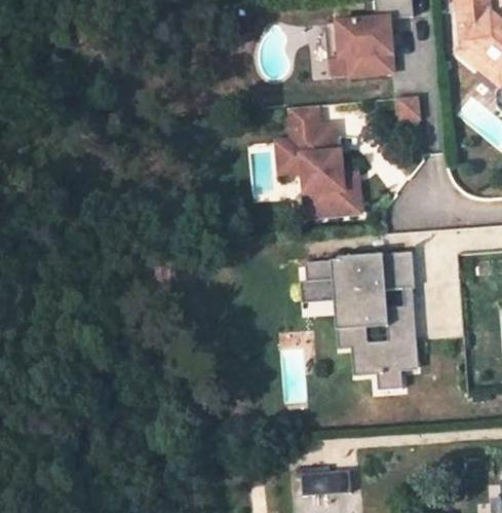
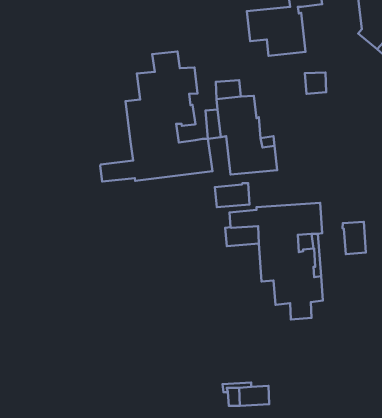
building: none -> [100,52,212,181]
building: none -> [215,183,249,207]
building: none -> [343,222,366,254]

